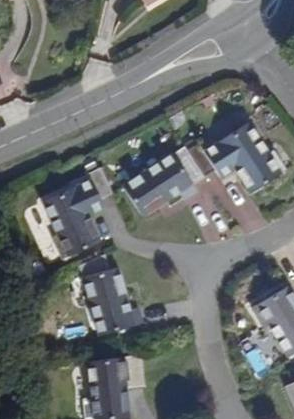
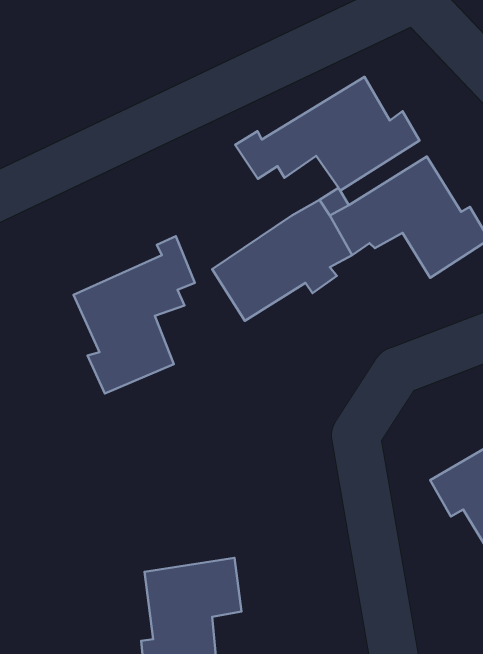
building: none -> [235,77,419,191]
building: [81,253,145,334] -> none

